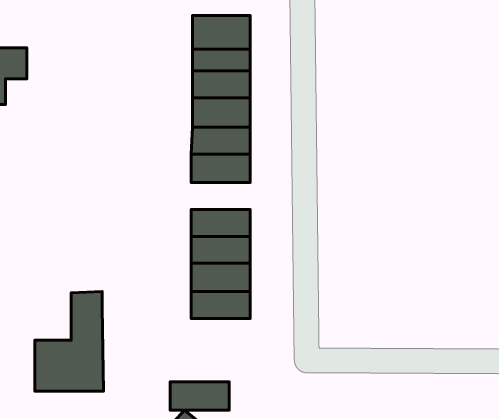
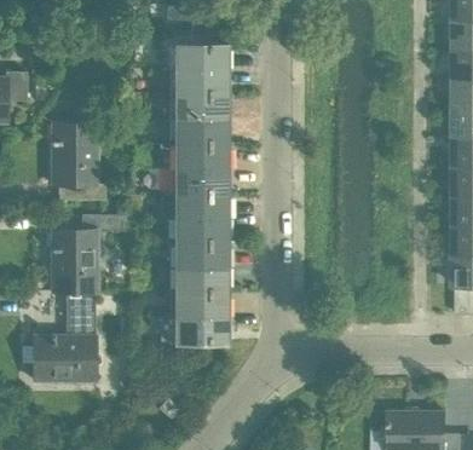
building: none -> [51,121,104,198]
building: none -> [158,192,226,217]
building: none -> [51,213,129,292]
building: [170,382,229,410] -> [173,315,226,340]

